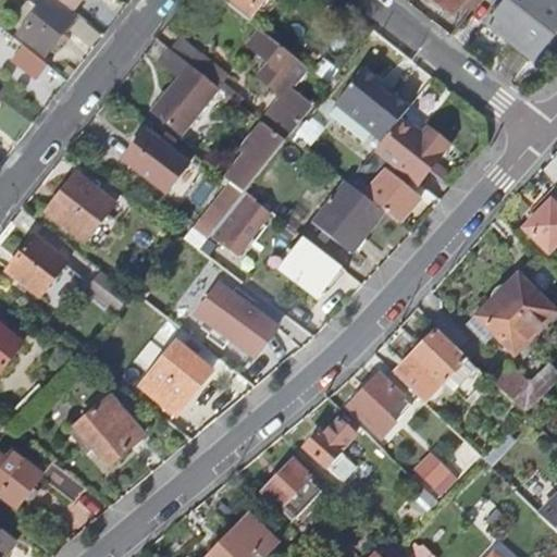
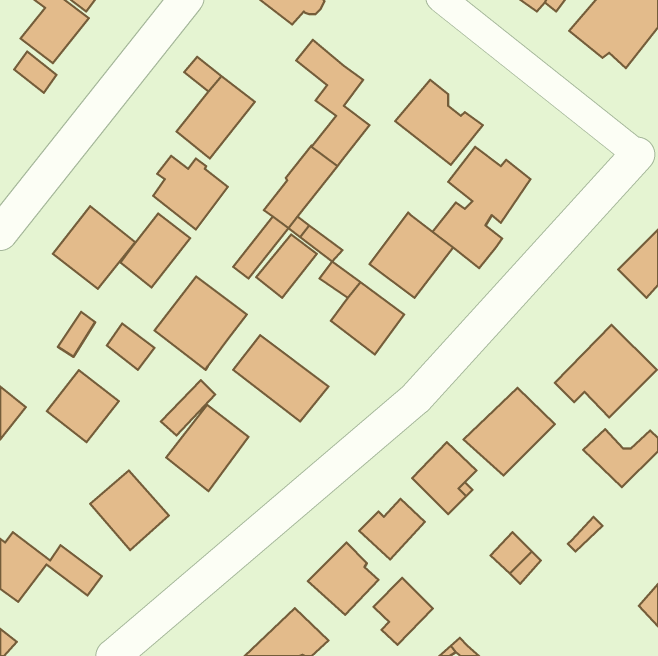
building: none -> [121,213,190,287]
building: none -> [155,277,247,370]
building: [4,236,65,297] -> [47,370,119,442]
building: none -> [373,578,433,645]

